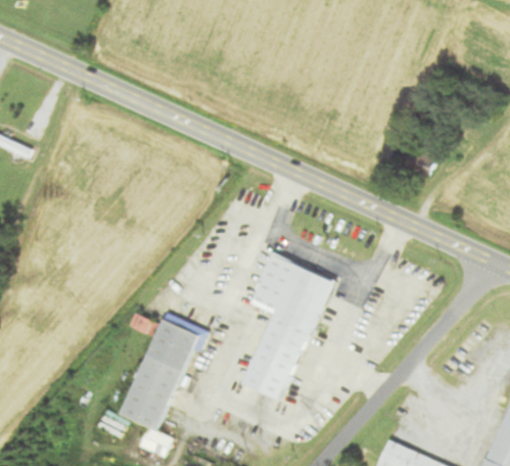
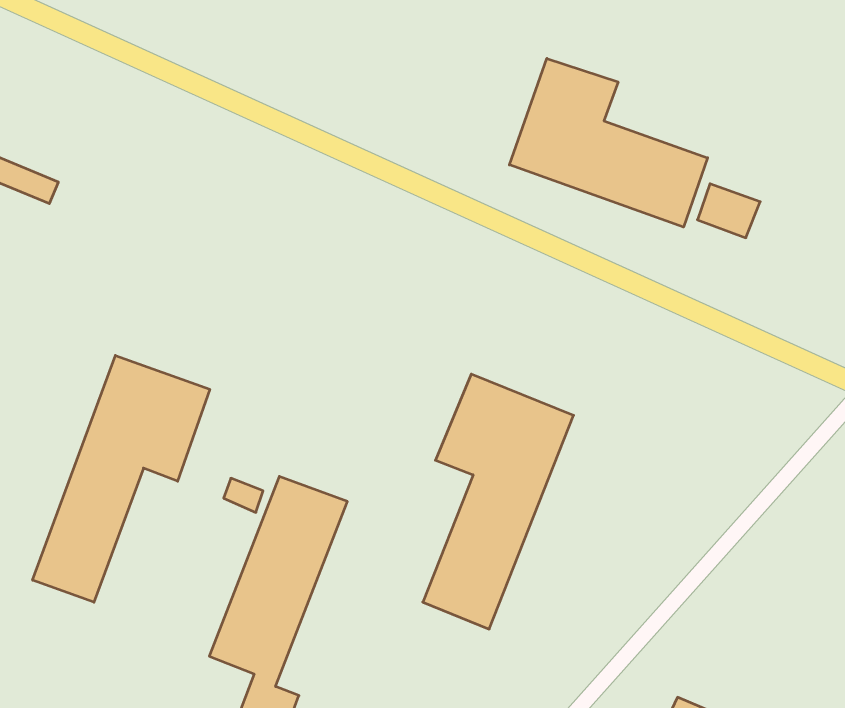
building: none -> [509,58,708,227]
building: none -> [33,355,210,602]

